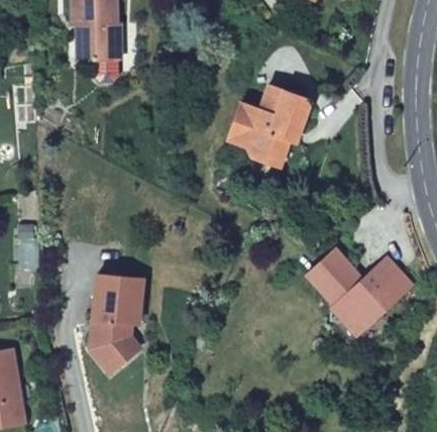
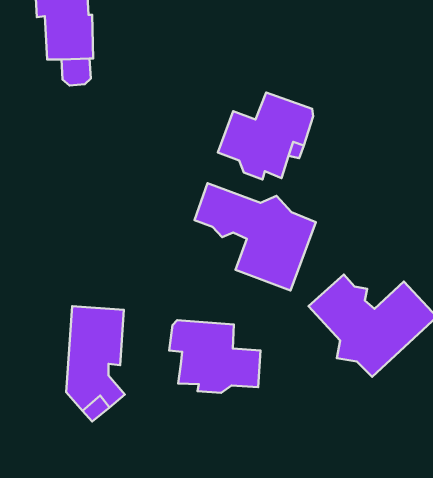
building: none -> [195,183,316,290]
building: none -> [169,320,261,393]

